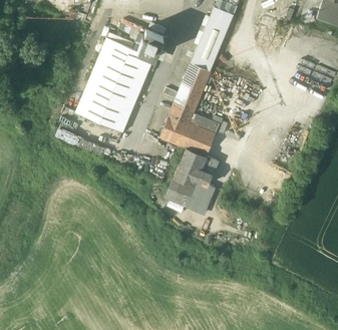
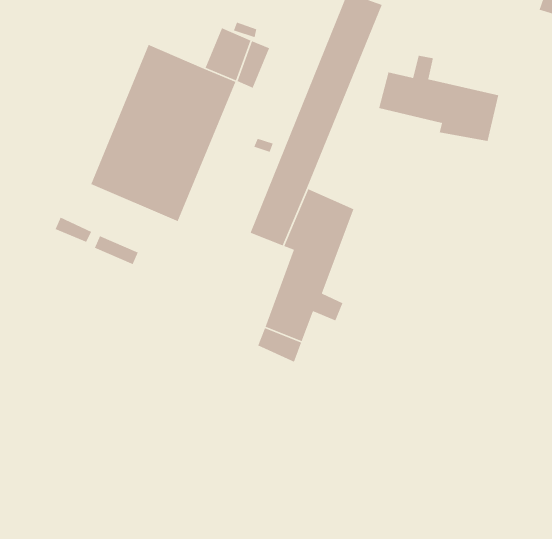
building: none -> [378,55,499,142]
building: [185,181,214,215] -> none

